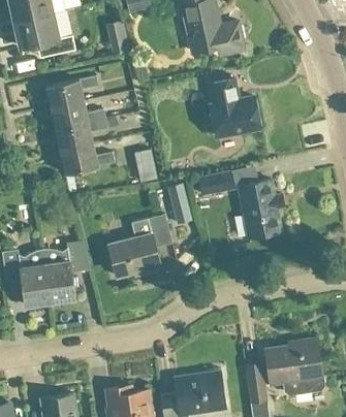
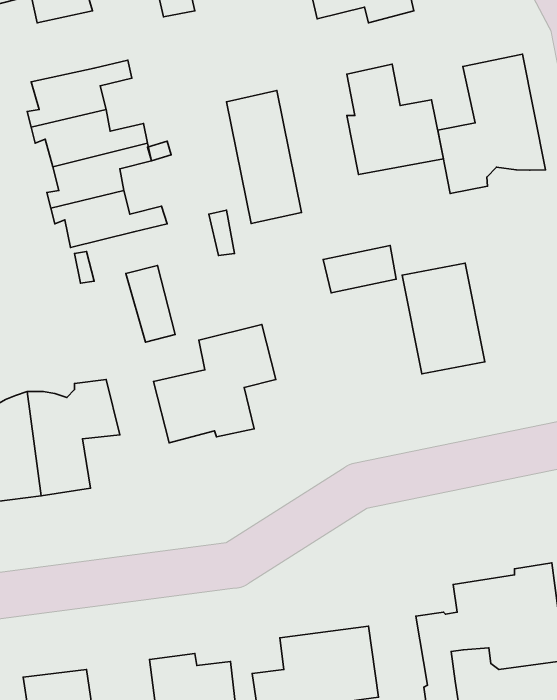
building: none -> [438,54,546,194]
building: none -> [227,91,301,224]
building: [167,184,193,224] -> [126,265,175,342]

